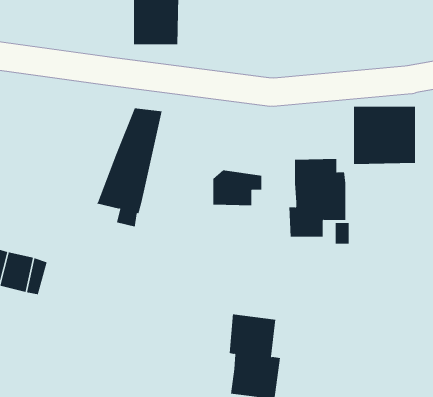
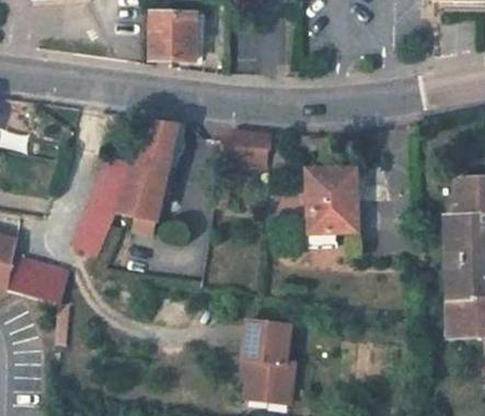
building: [353,106,415,165] -> none
building: none -> [71,154,134,255]
building: [213,170,262,206] -> [222,128,270,163]

